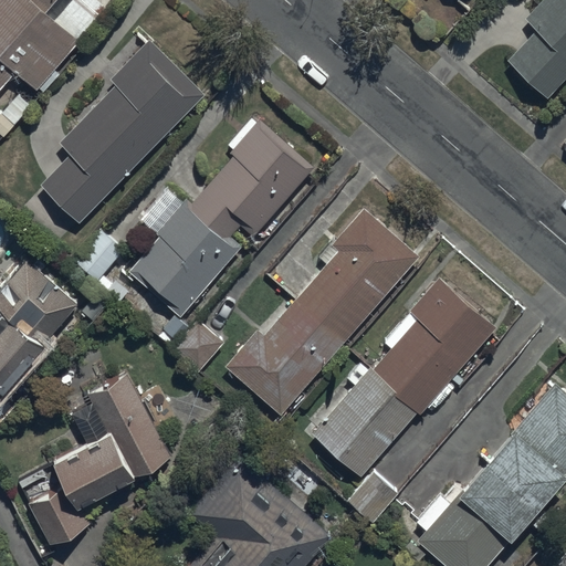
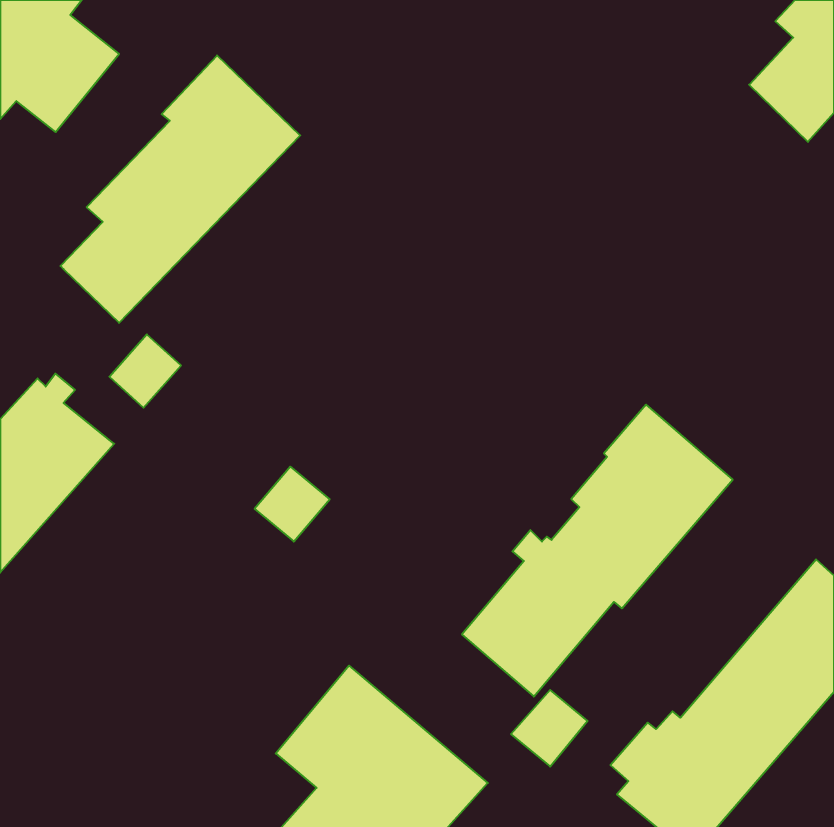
building: [130,118,313,317] -> none
building: [226,208,419,417] -> none
building: [29,375,170,545] -> none

